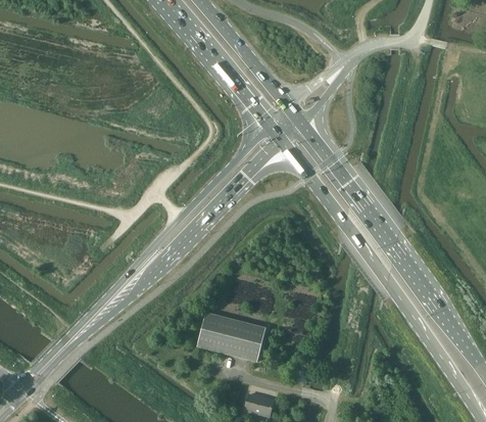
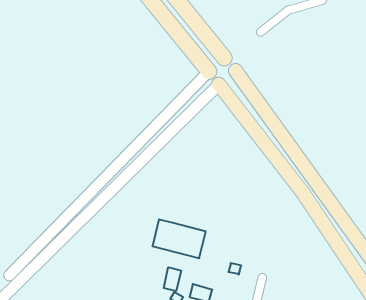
building: none -> [164,267,181,291]

